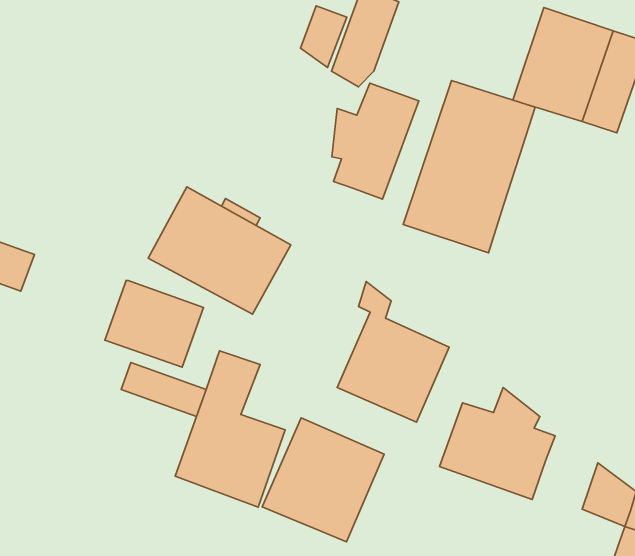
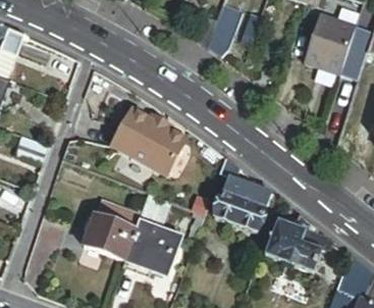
building: [403,81,535,253] -> none
building: [332,83,419,199] -> none
building: [105,280,203,367] -> [83,216,135,262]
building: [262,418,384,542] -> none

